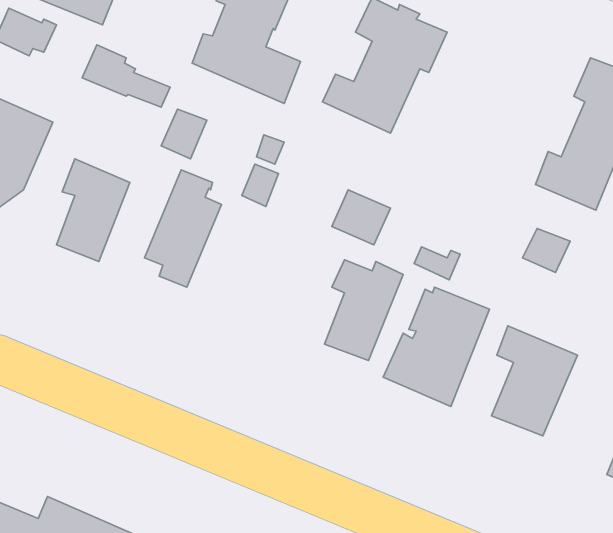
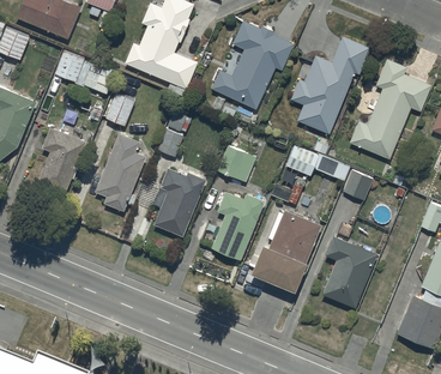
building: none -> [291,36,369,134]
building: none -> [288,146,350,180]
building: none -> [155,168,207,236]

